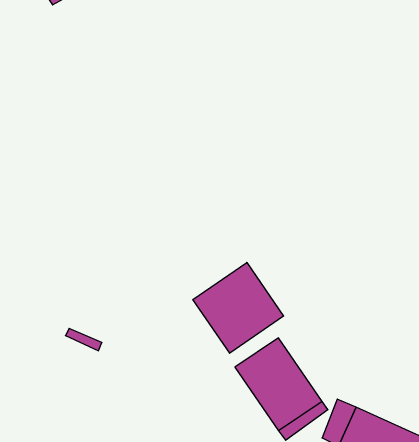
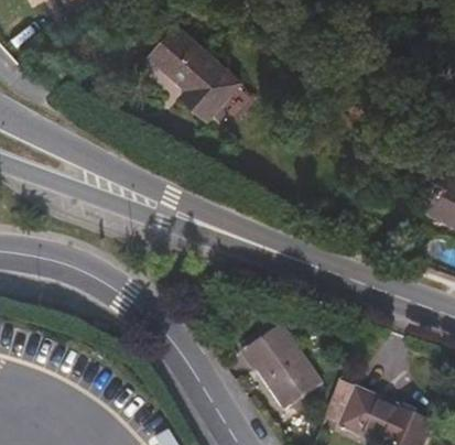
building: none -> [150,25,239,119]
building: [193,262,284,353] -> none

